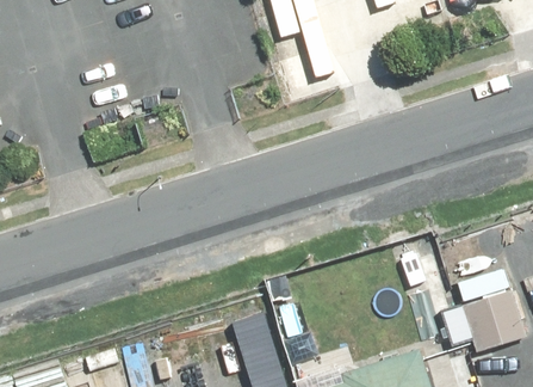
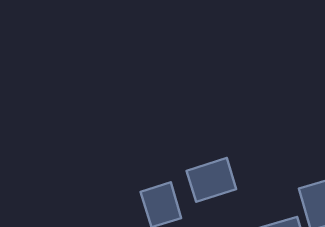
building: none -> [186,158,236,202]

